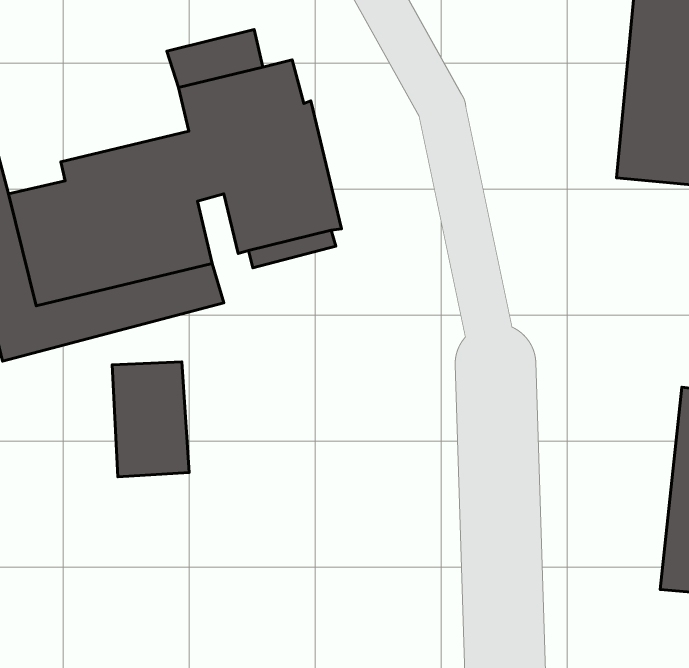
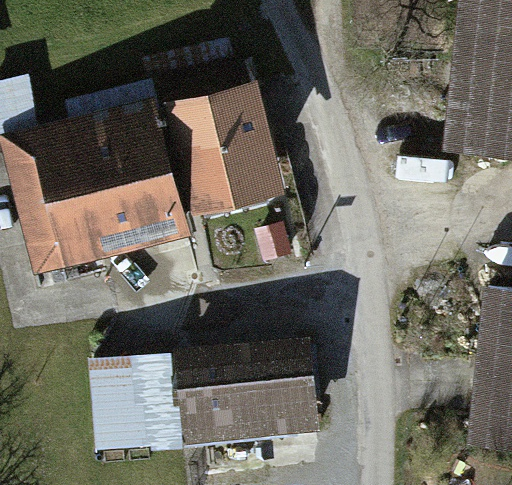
building: [112,362,189,477] -> [96,369,149,448]
building: none -> [184,346,310,427]

